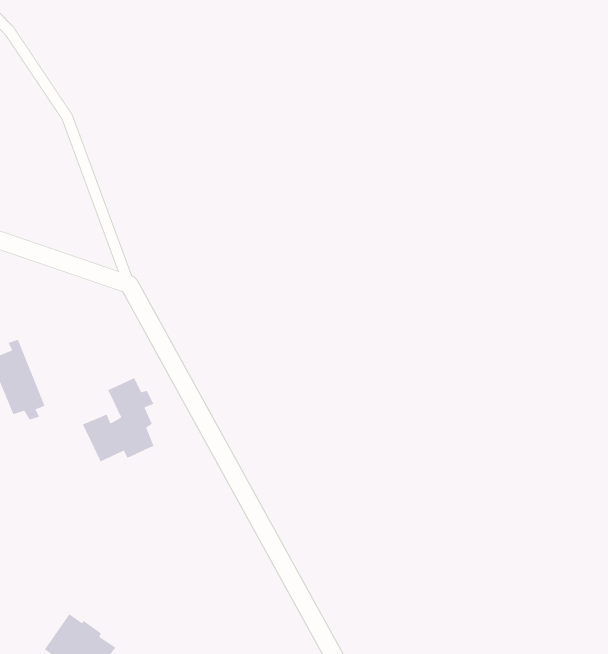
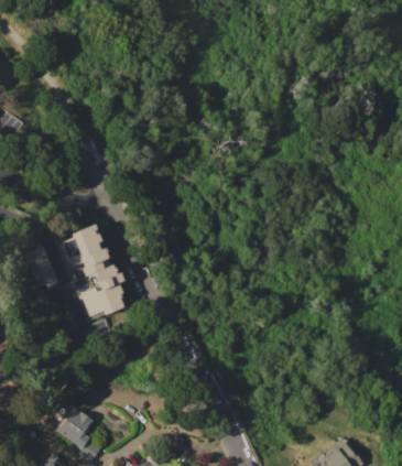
building: none -> [57,225,111,282]

